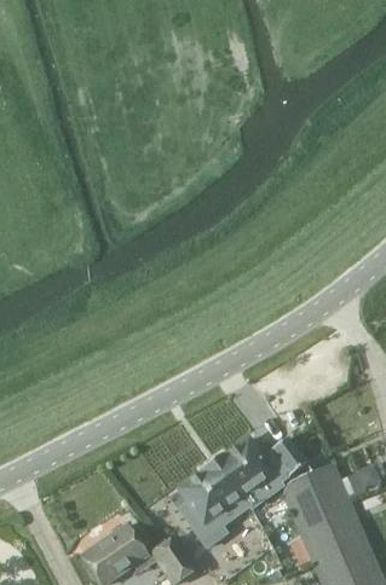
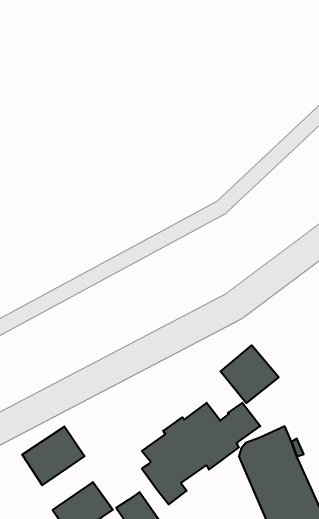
building: none -> [220,345,279,403]
building: none -> [22,426,85,485]

